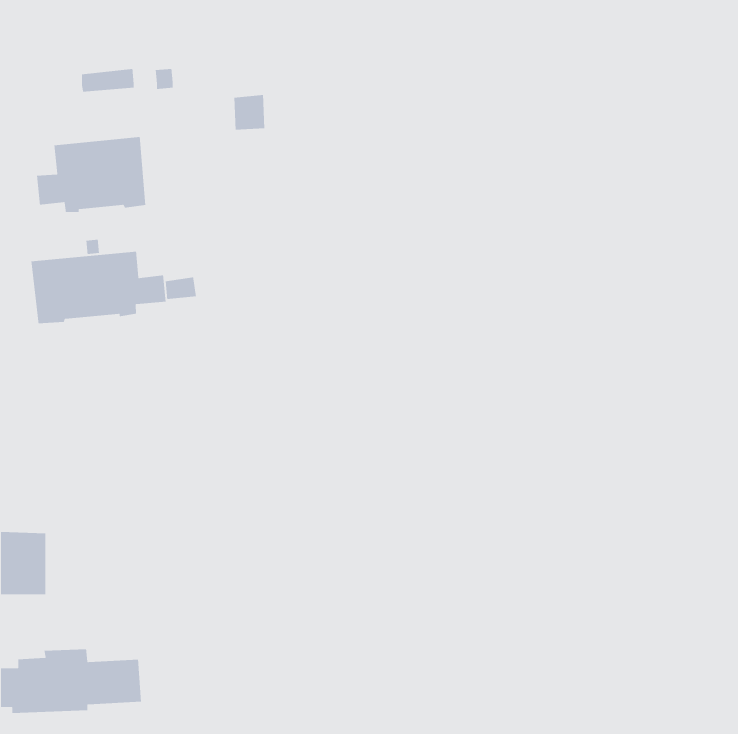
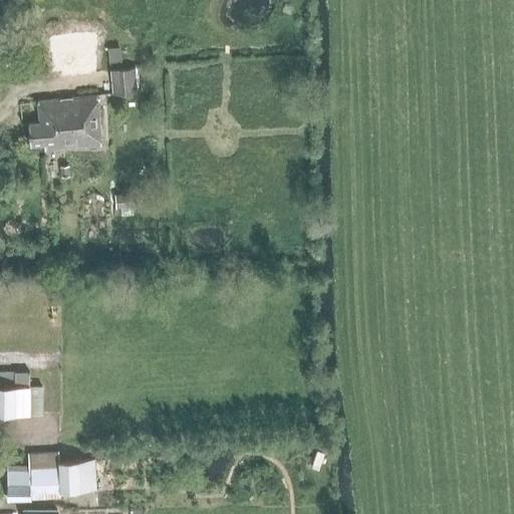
building: [233,94,265,130] -> [111,71,134,96]
building: [30,251,167,324] -> none

